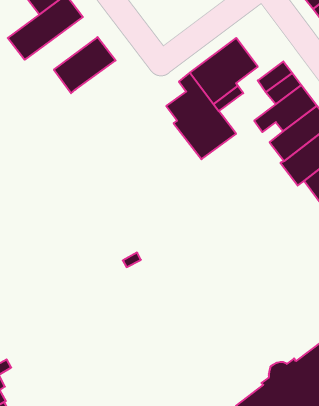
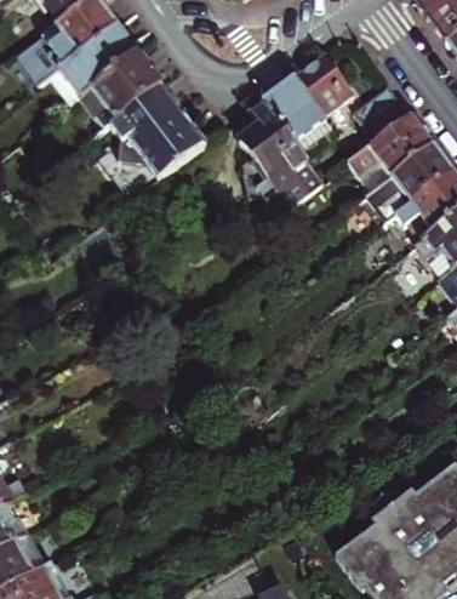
building: none -> [61,27,139,97]
building: none -> [110,85,207,179]

